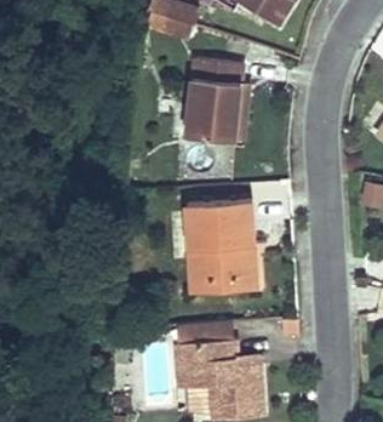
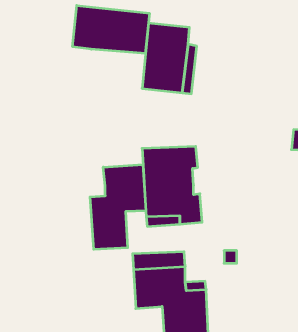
building: none -> [73,5,149,53]
building: none -> [90,165,146,249]

